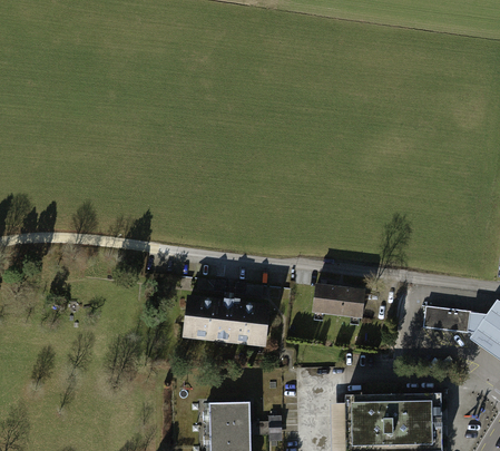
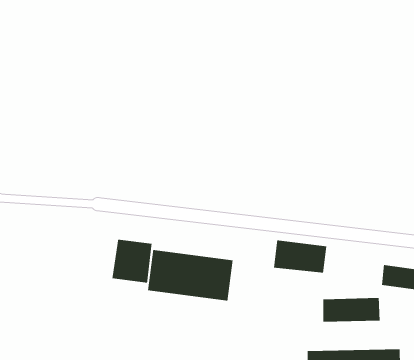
building: none -> [112,239,152,284]
building: none -> [323,297,380,322]

